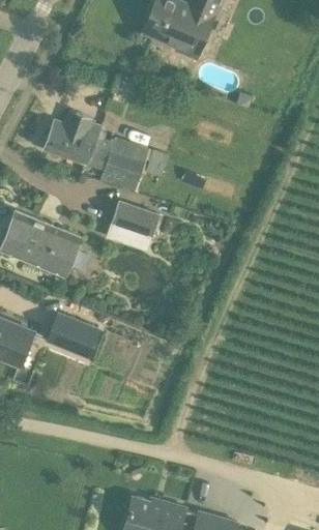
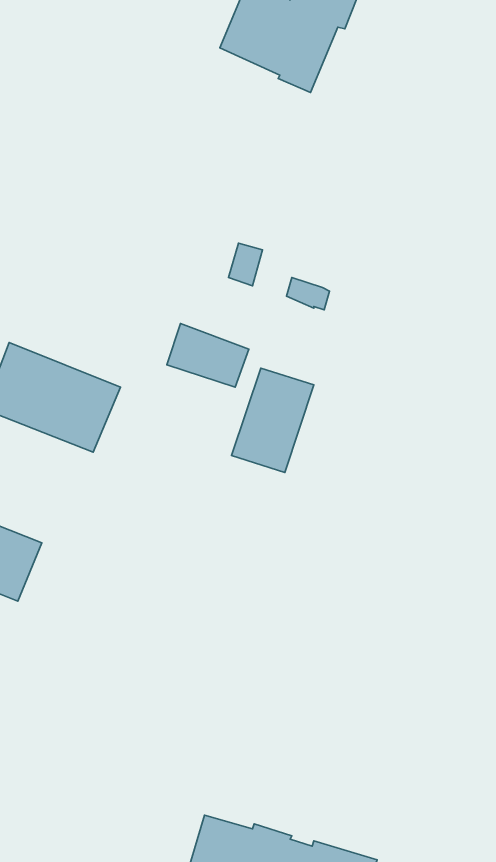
building: [44,110,148,192] -> none
building: none -> [232,368,314,472]
building: [46,312,102,359] -> none

